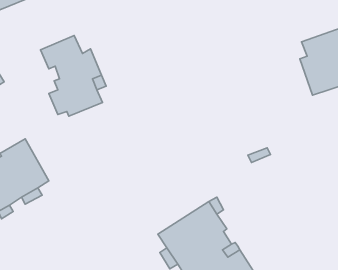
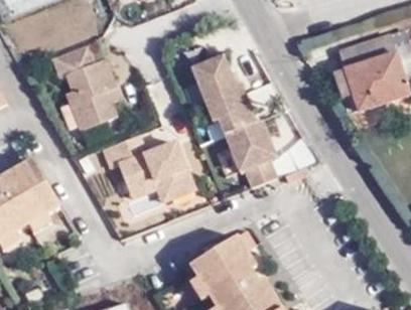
building: none -> [191,58,275,189]
building: none -> [98,138,190,204]

